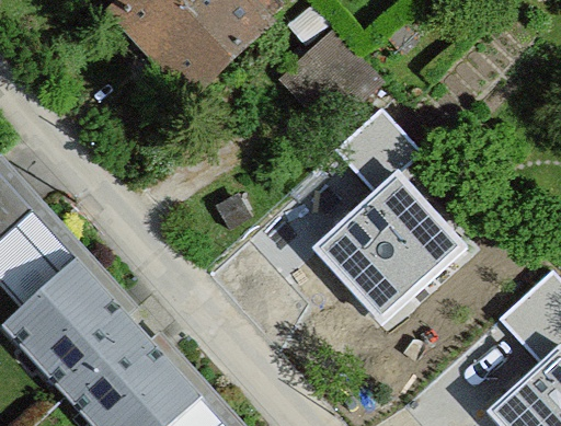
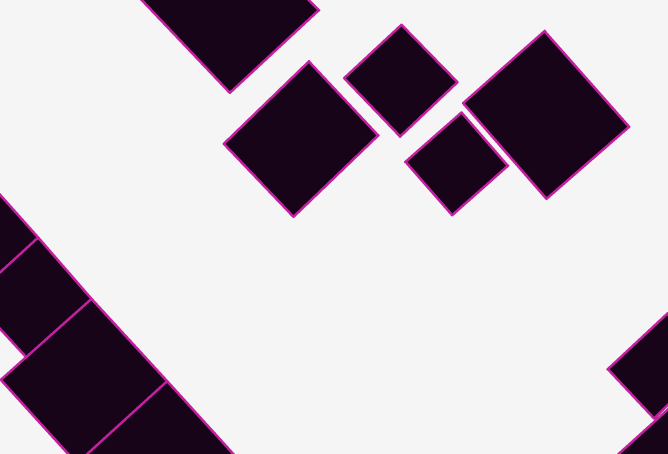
building: none -> [463,31,629,199]
building: none -> [224,61,378,217]
building: [320,176,458,313] -> none

